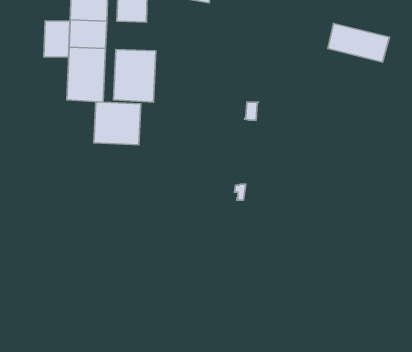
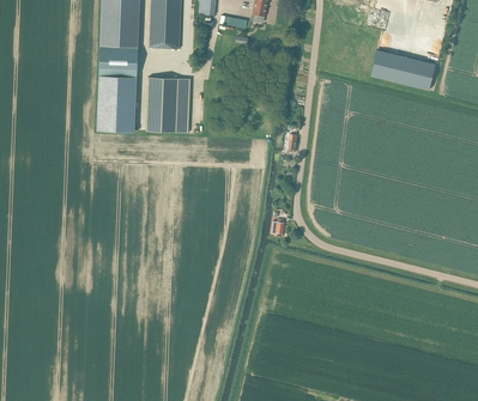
building: [44,21,70,57] -> none
building: [94,102,141,145] -> none

